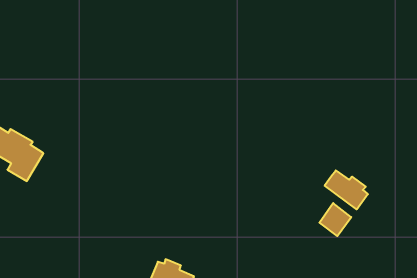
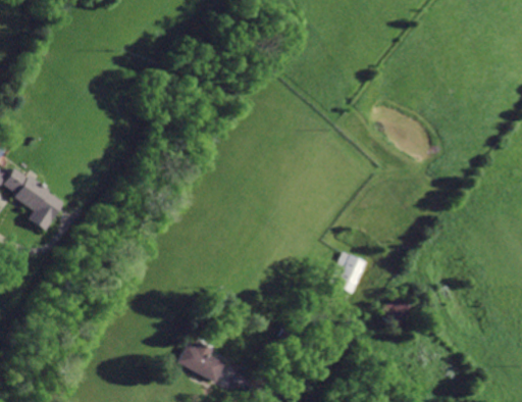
building: [325,170,368,209] -> none
building: none -> [330,252,369,293]

